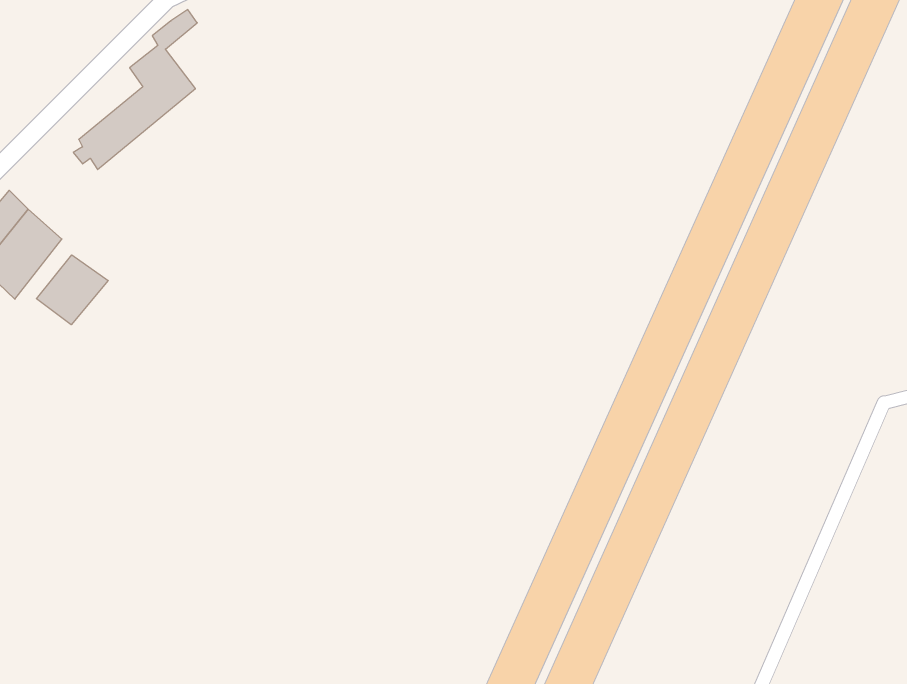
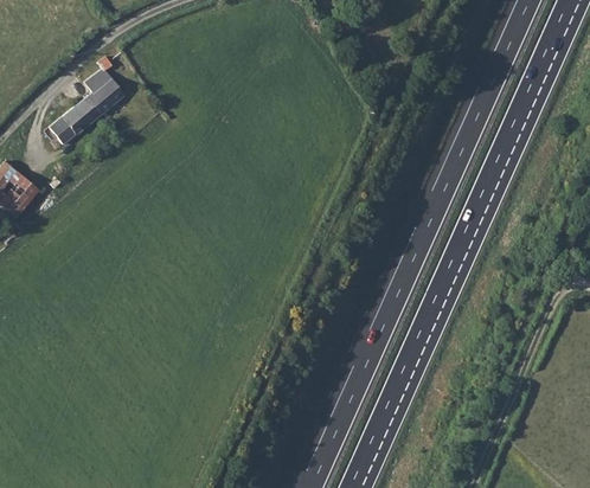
building: [36,255,108,325] -> none

